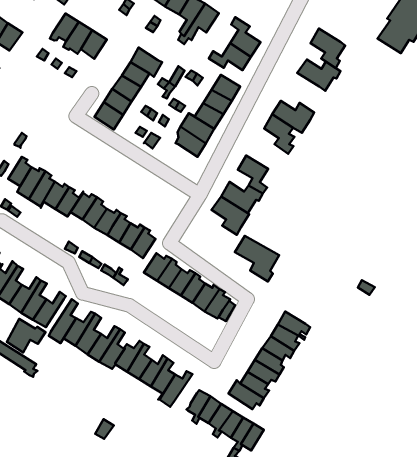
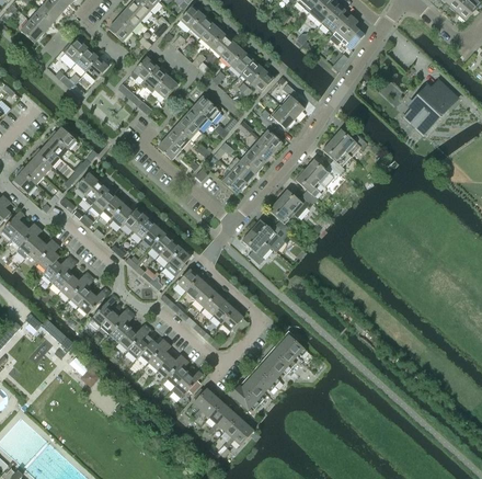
building: [311,29,345,68] -> [322,137,351,172]
building: none -> [277,187,312,215]
building: [235,236,279,282] -> none
building: [7,319,45,353] -> none

